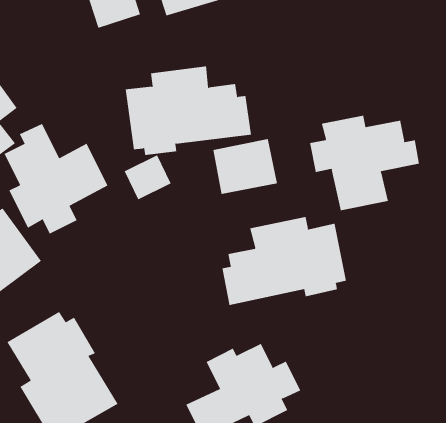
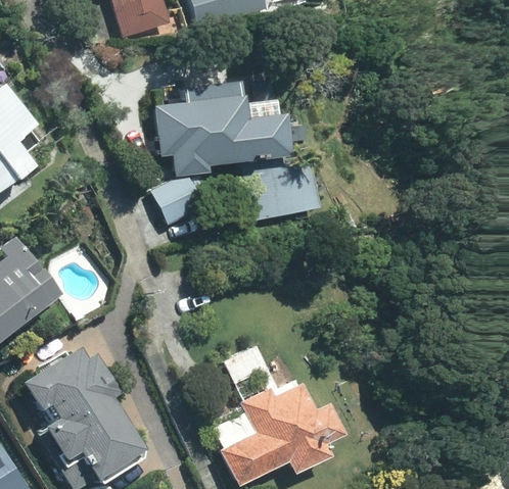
building: [309,115,420,211] -> none
building: [4,123,108,234] -> none
building: [222,216,346,306] -> none

